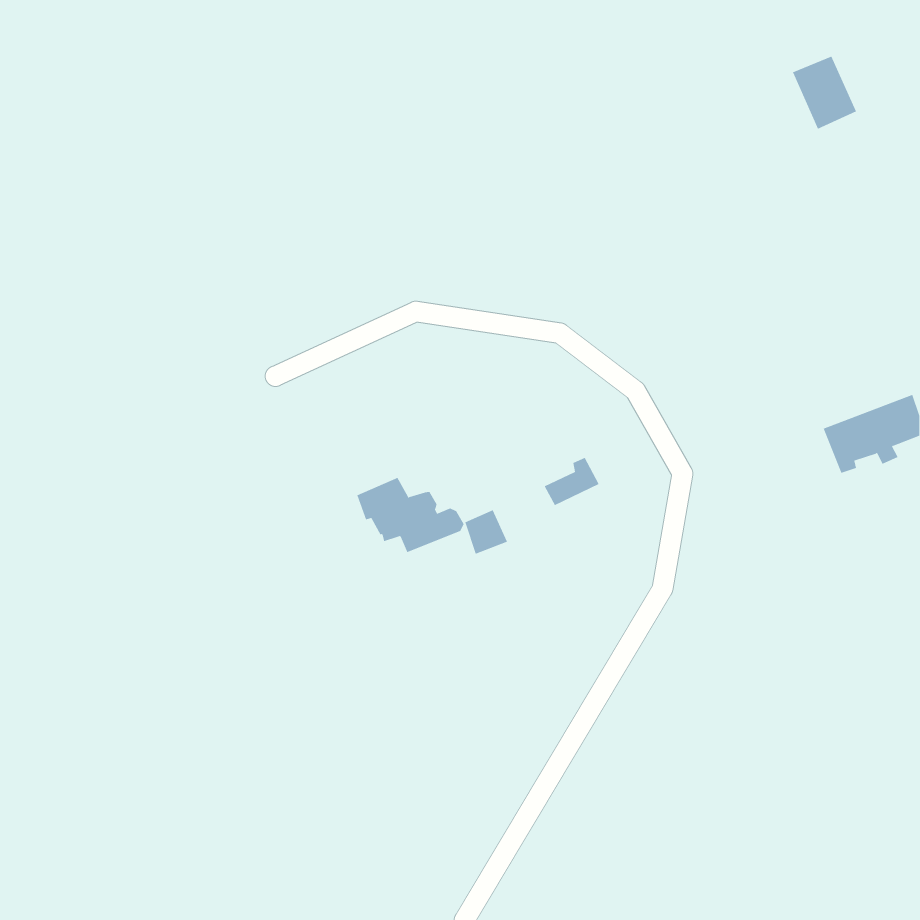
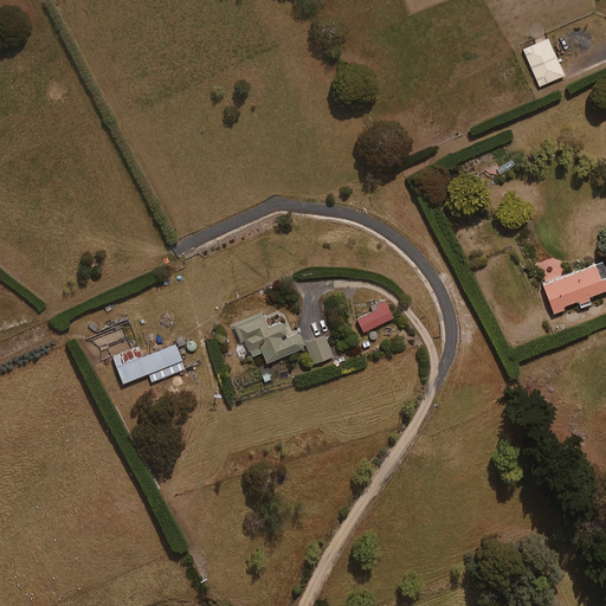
building: none -> [116,344,185,385]

